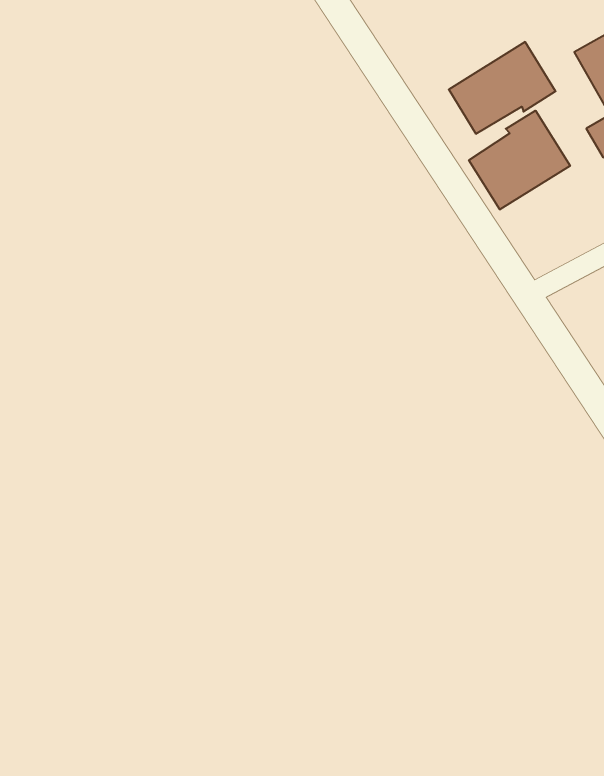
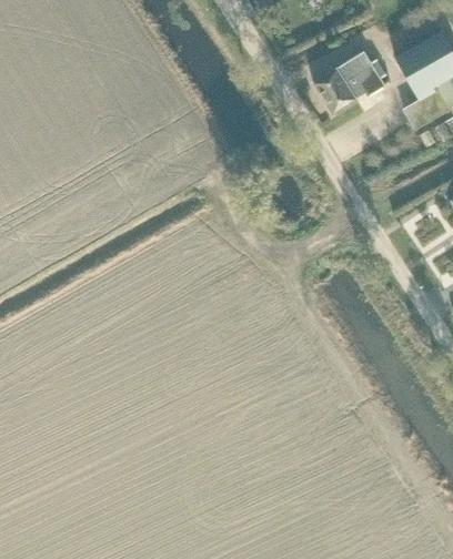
building: [469,111,570,210] -> none

